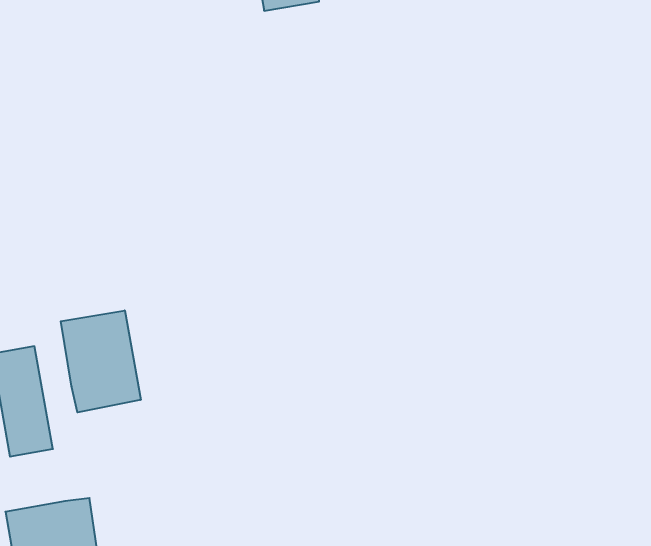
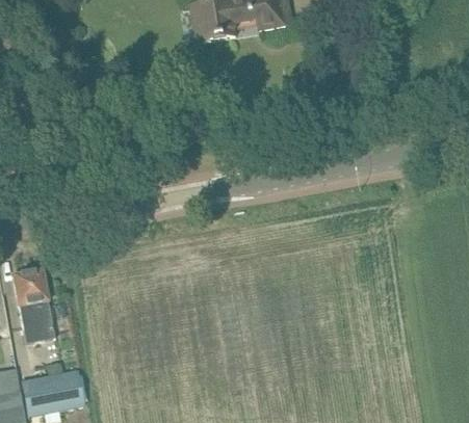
building: [61,310,141,412] -> none

